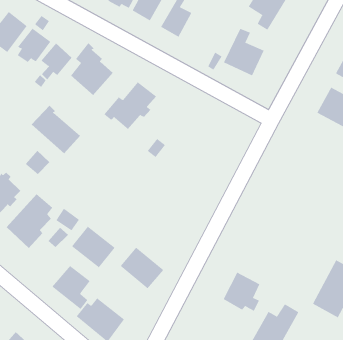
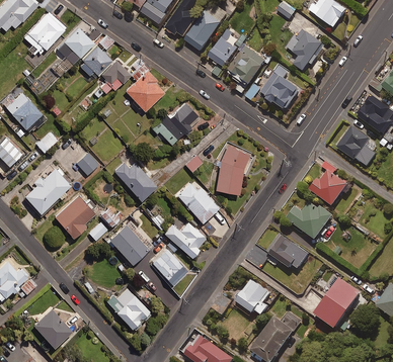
building: none -> [229,46,266,84]
building: [31,105,81,154] -> [112,155,155,199]
building: none -> [216,146,249,194]
building: none -> [309,161,349,206]
building: none -> [176,183,217,221]
building: none -> [287,202,333,241]
building: none -> [163,220,205,257]
building: none -> [267,234,309,269]
building: [52,265,90,310] -> none

